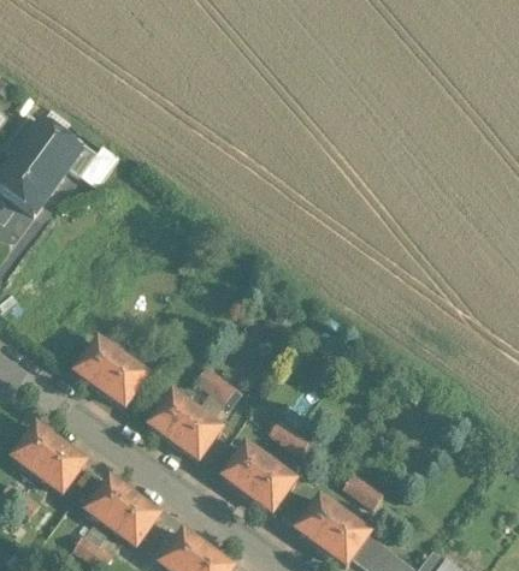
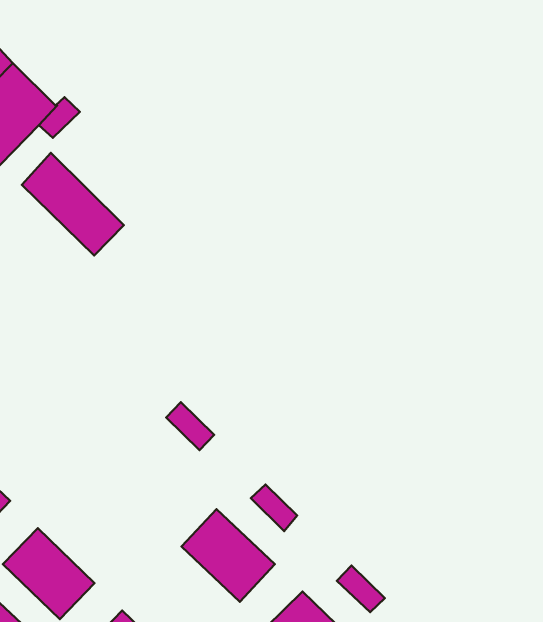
building: none -> [22,153,124,255]
building: [75,337,148,405] -> none
building: [148,389,222,458] -> none

